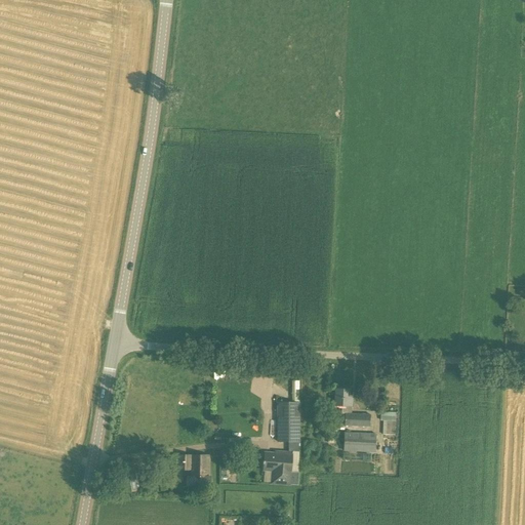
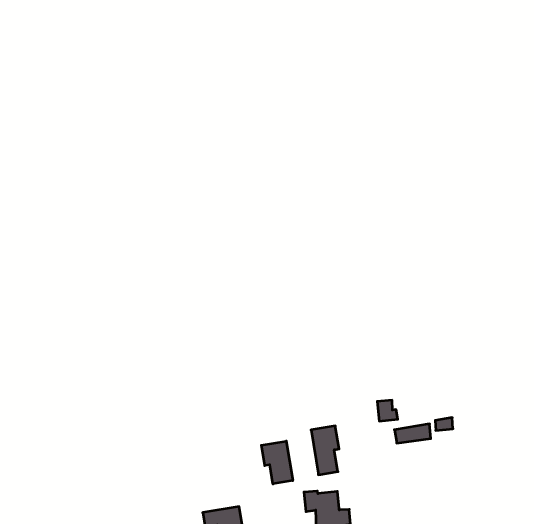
building: none -> [261,441,293,484]
building: [344,432,377,450] -> none

